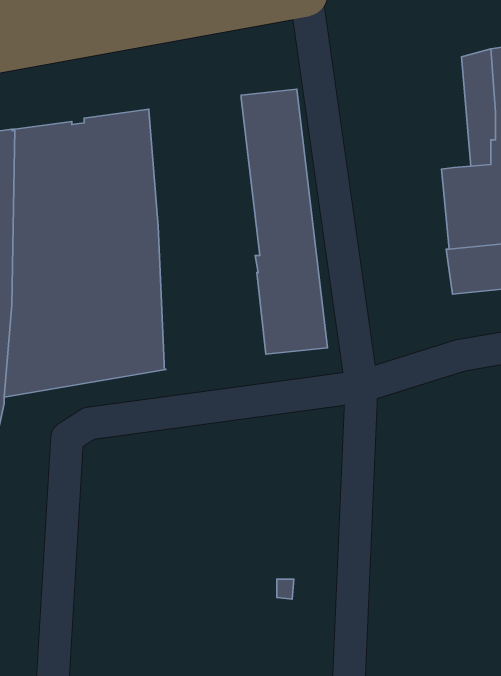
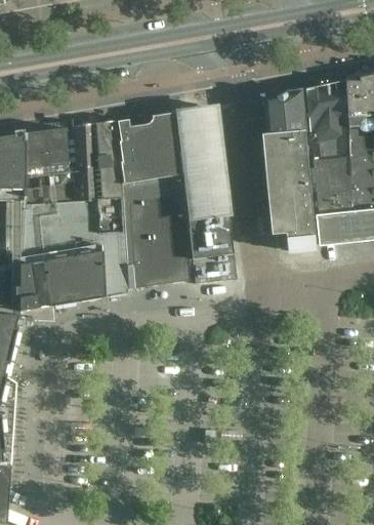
building: none -> [305,84,332,158]
building: none -> [262,89,316,249]
building: none -> [118,111,191,288]

